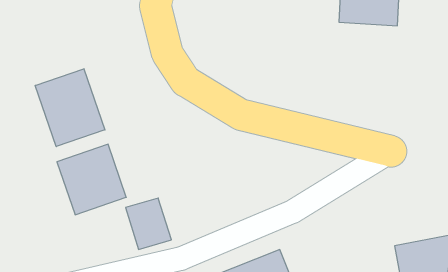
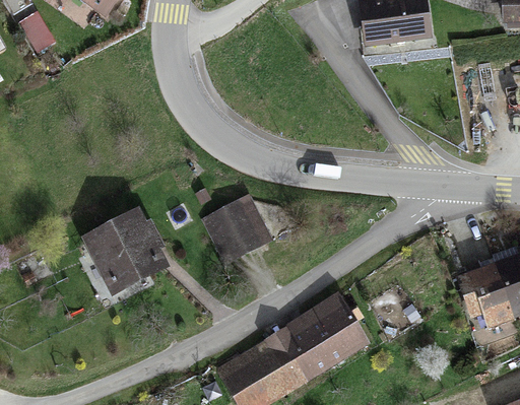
building: [35,69,105,147] -> none
building: [126,198,171,249] -> [204,201,258,259]

